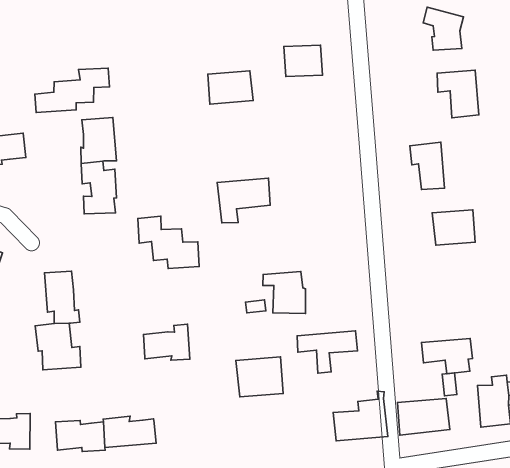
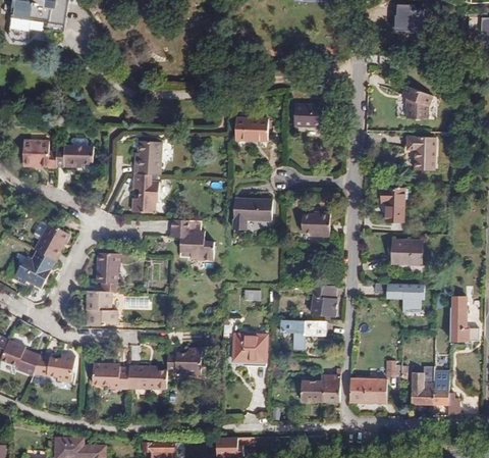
building: [35,68,109,113] -> none
building: none -> [301,212,330,237]
building: [263,272,306,313] -> [305,285,336,317]
building: [143,324,190,360] -> [166,349,201,375]
building: [421,338,472,374] -> [386,284,423,309]

